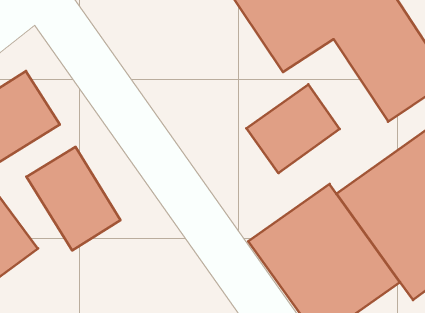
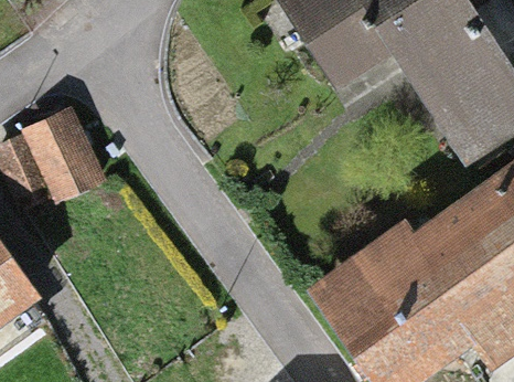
building: [246,84,340,173] -> none
building: [26,147,120,250] -> none

